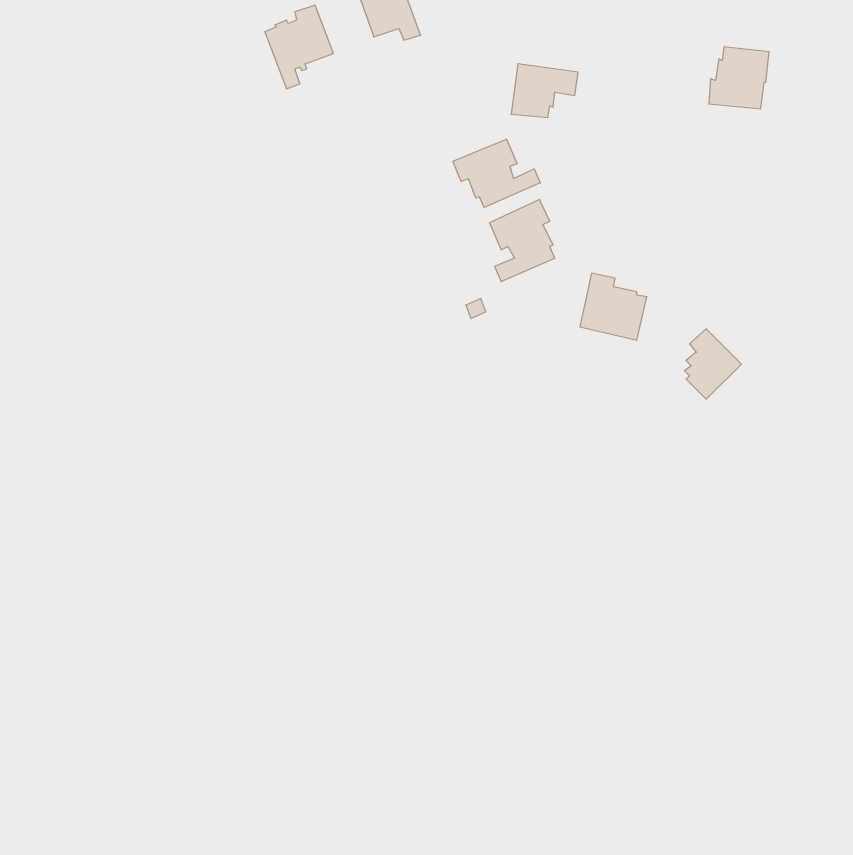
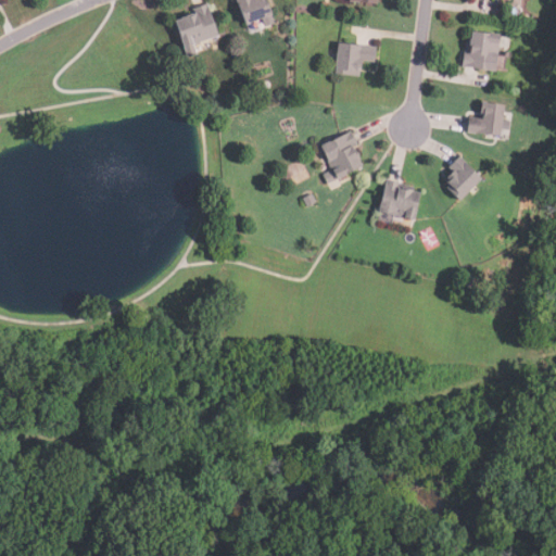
building: [453,139,540,207] -> none
building: none -> [467,101,510,136]
building: [684,329,741,399] -> [446,154,483,200]

